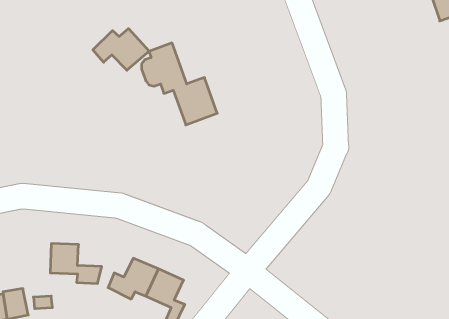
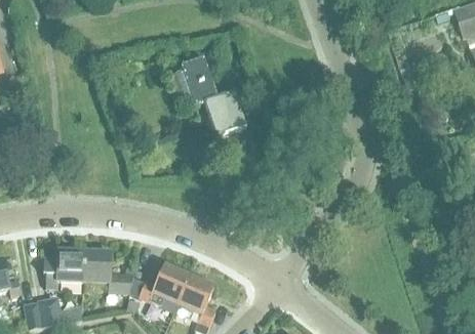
building: [93,29,149,70] -> none
building: none -> [42,250,84,285]

